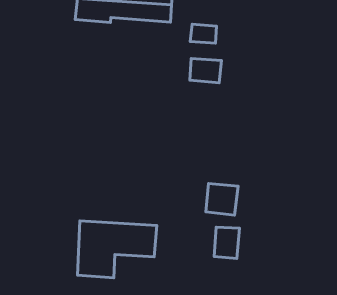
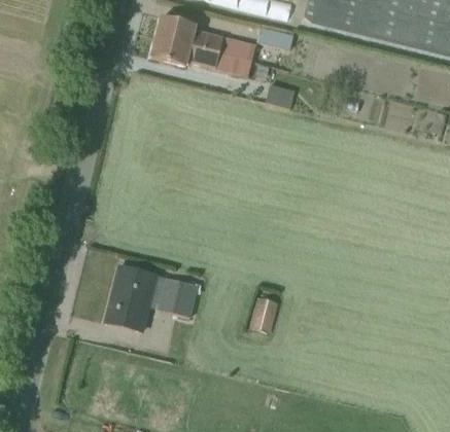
building: [190,58,222,83] -> none
building: [206,184,238,215] -> none

